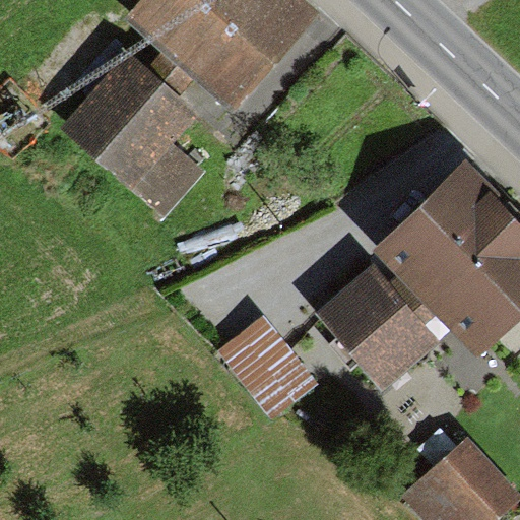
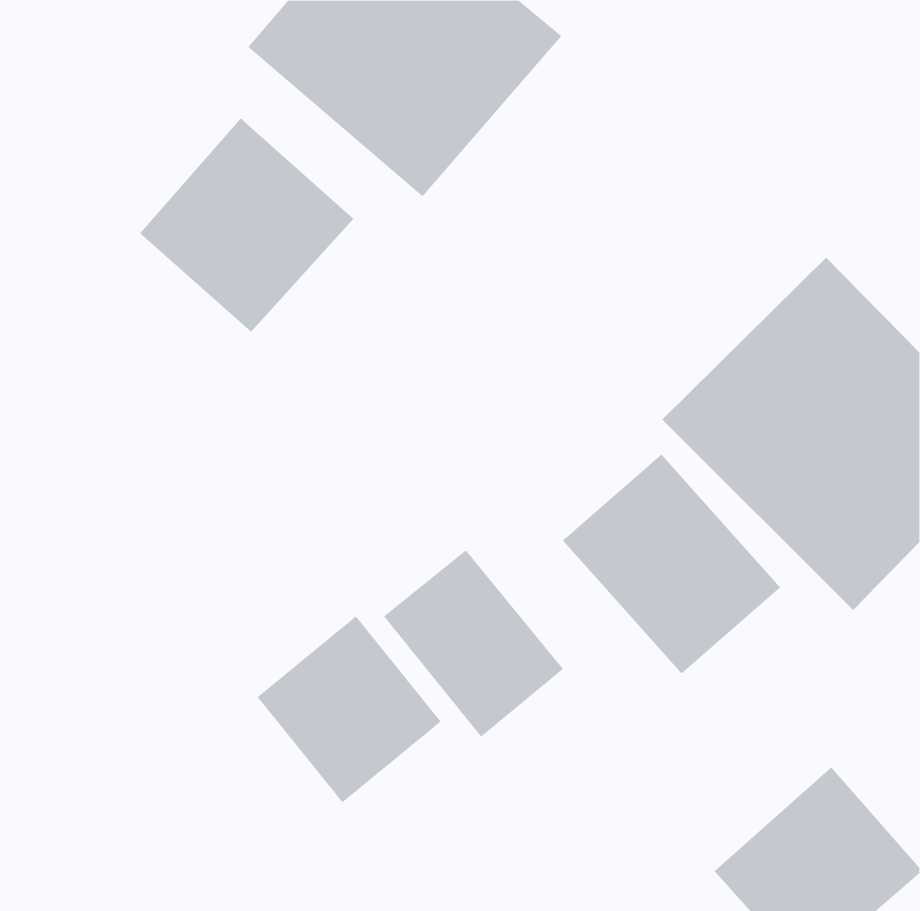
building: none -> [257,616,442,803]

